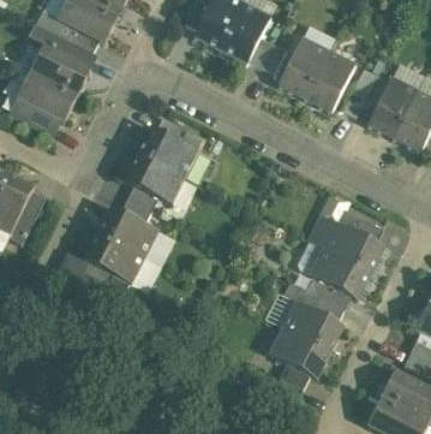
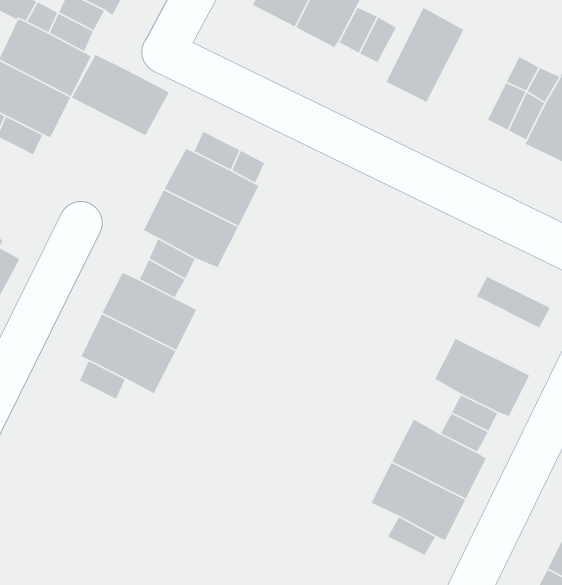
building: [304,50,354,111] -> none
building: none -> [71,54,170,136]
building: [322,221,383,272] -> none

